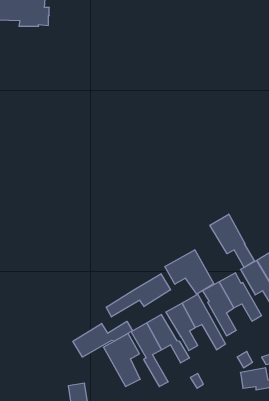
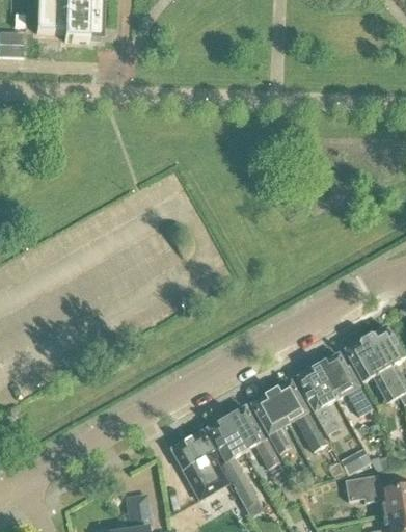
building: [210,214,255,267] -> none
building: [165,250,214,294] -> none
building: [106,274,171,317] -> none
building: [73,321,133,357] -> none

